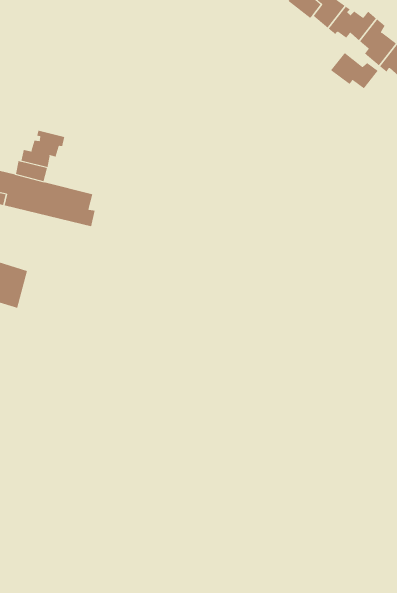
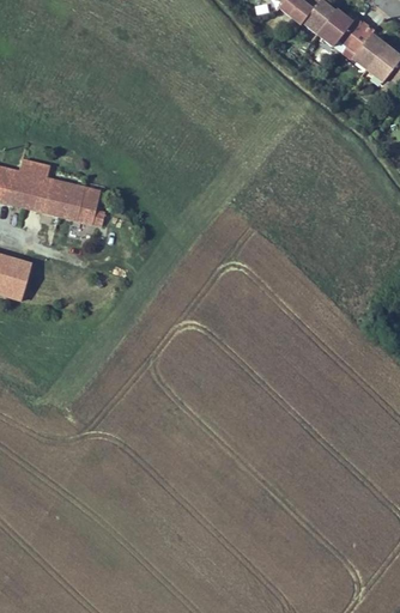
building: [330,52,378,89] -> none
building: [21,130,65,168] -> none

